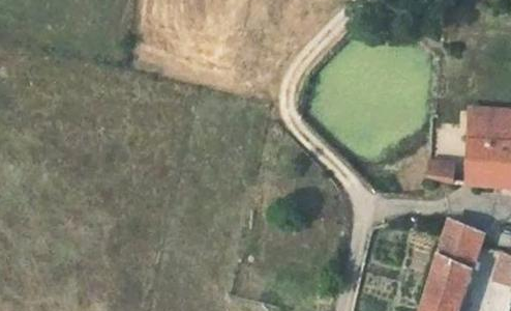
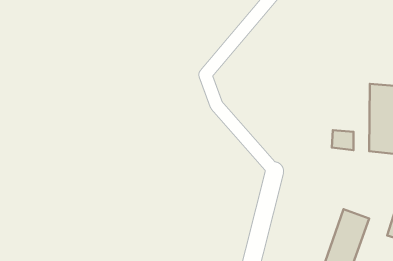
building: [443,225,480,260] -> none

